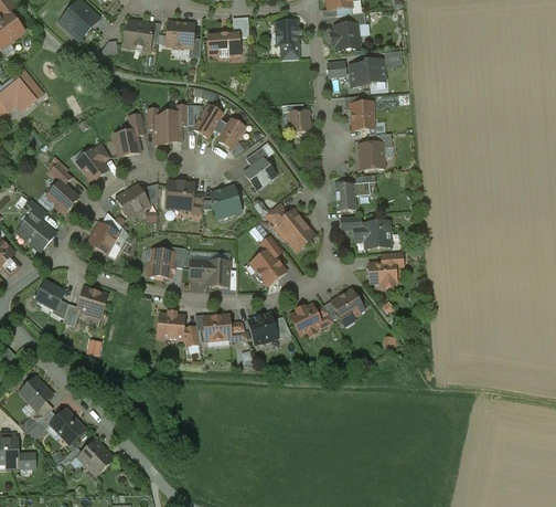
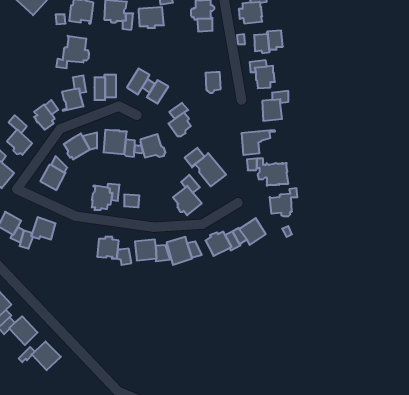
building: none -> [56,36,89,68]
building: [206,261,228,286] -> none

